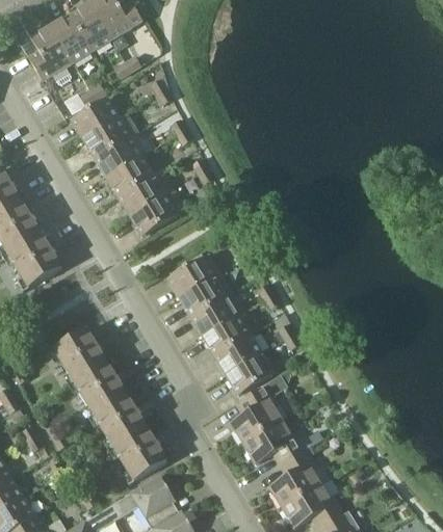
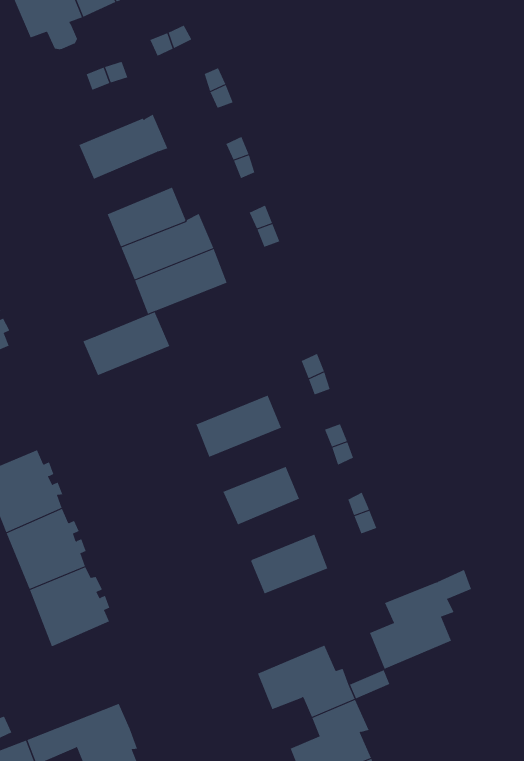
building: [71,98,120,139] -> none
building: [95,136,144,179] -> none
building: [167,254,222,298] -> [82,311,170,376]
building: [191,292,244,337] -> none
building: [215,334,263,375] -> none
building: [229,375,287,444] -> [369,569,472,669]
building: [114,426,167,480] -> none

